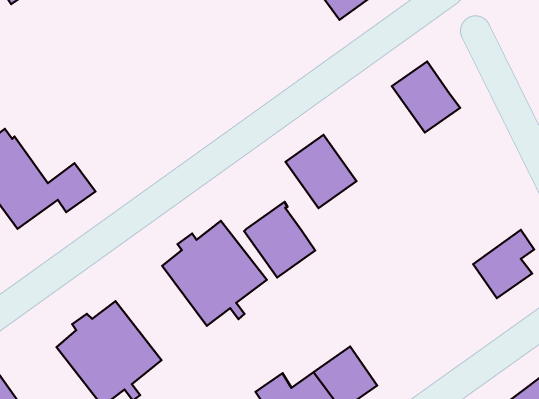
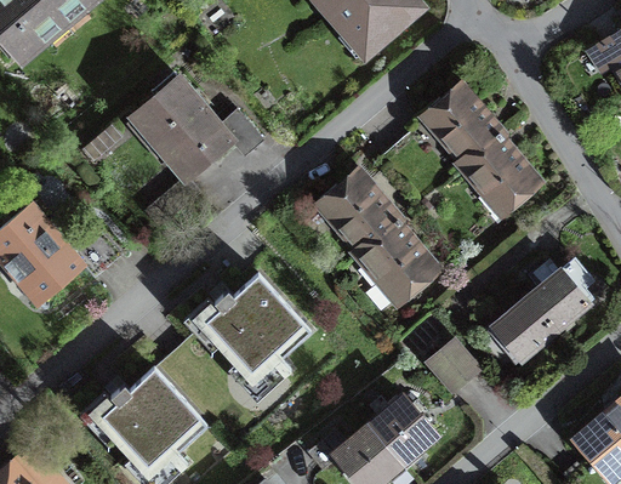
building: none -> [131,78,262,227]
building: none -> [462,135,536,212]
building: [244,202,315,277] -> [357,221,433,301]
building: none -> [490,298,554,361]
building: none -> [426,340,479,393]

